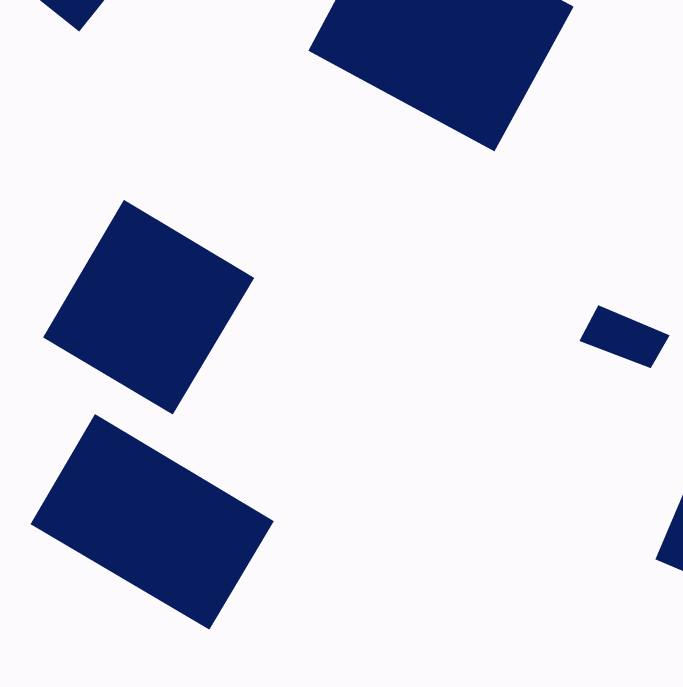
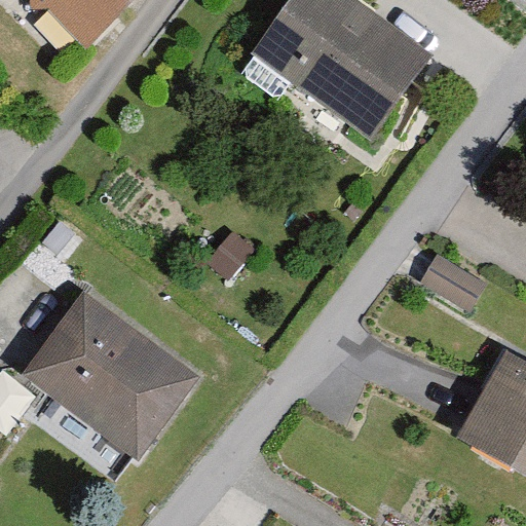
building: [42,199,255,415] -> none

